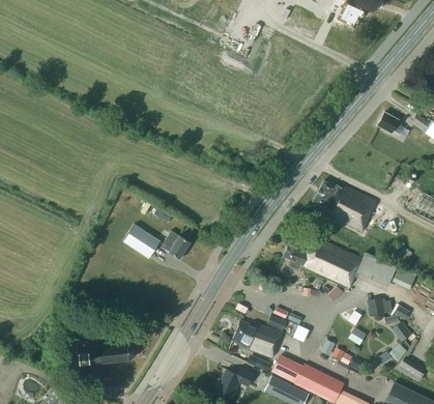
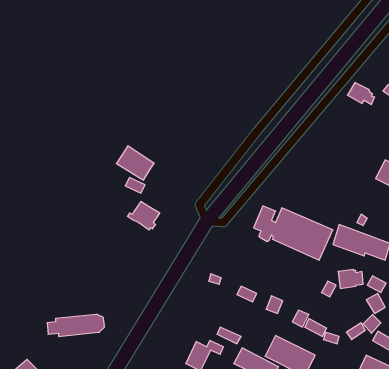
building: [313,181,376,233] -> none
building: [123,225,161,259] -> [116,146,154,180]
building: [233,320,283,359] -> none
building: [271,354,297,381] -> none

